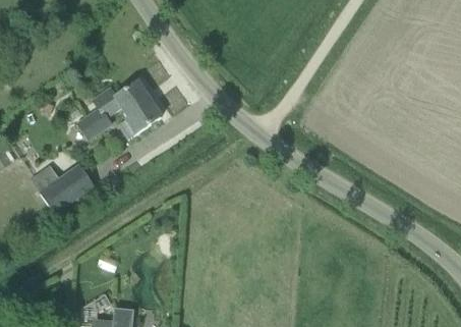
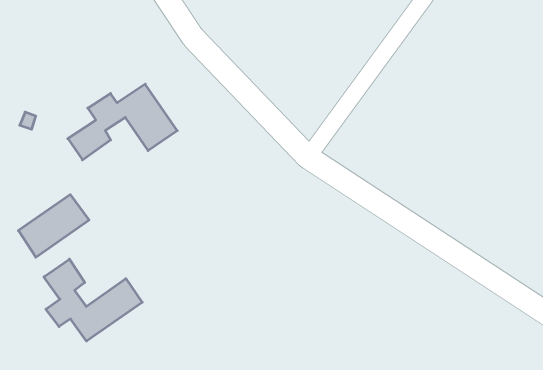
building: none -> [44,259,142,341]

